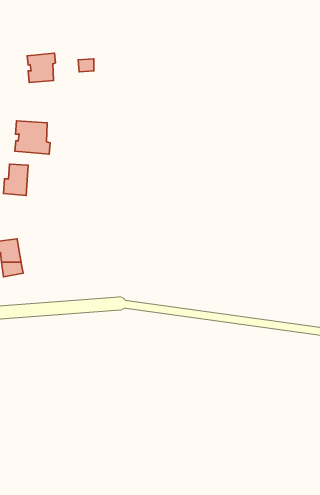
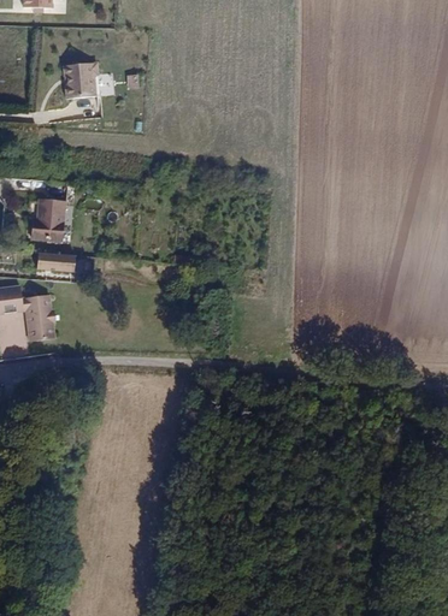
building: [15,121,50,154] -> none
building: none -> [37,251,75,272]

